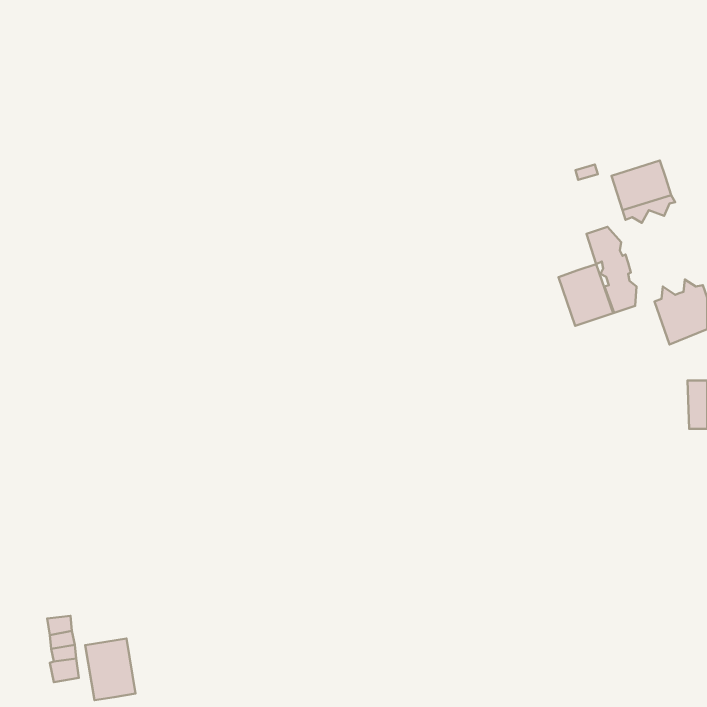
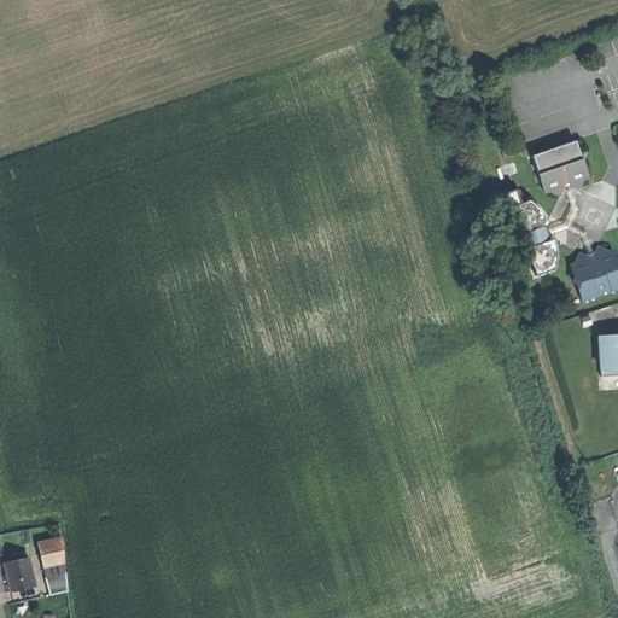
building: [558,264,613,326] -> none
building: [85,638,136,700] -> none
building: none -> [8,559,36,591]

